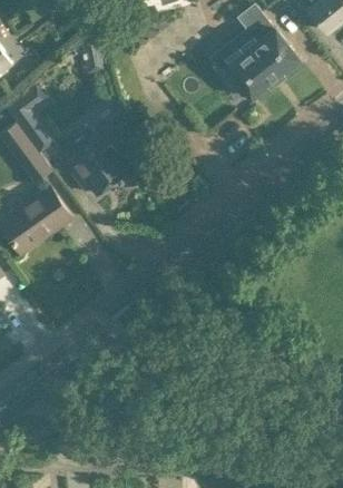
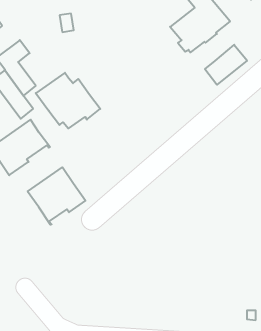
building: none -> [205,45,247,85]
building: none -> [28,167,85,225]

